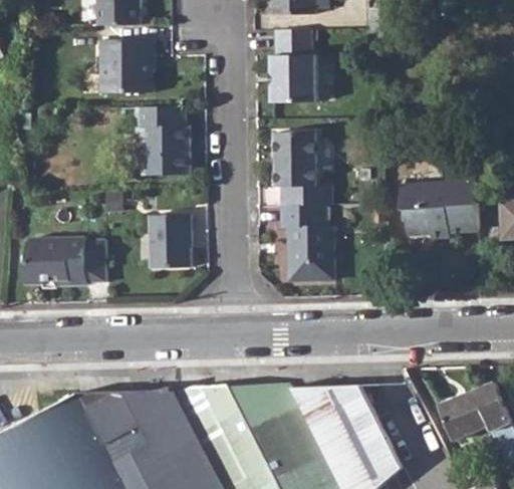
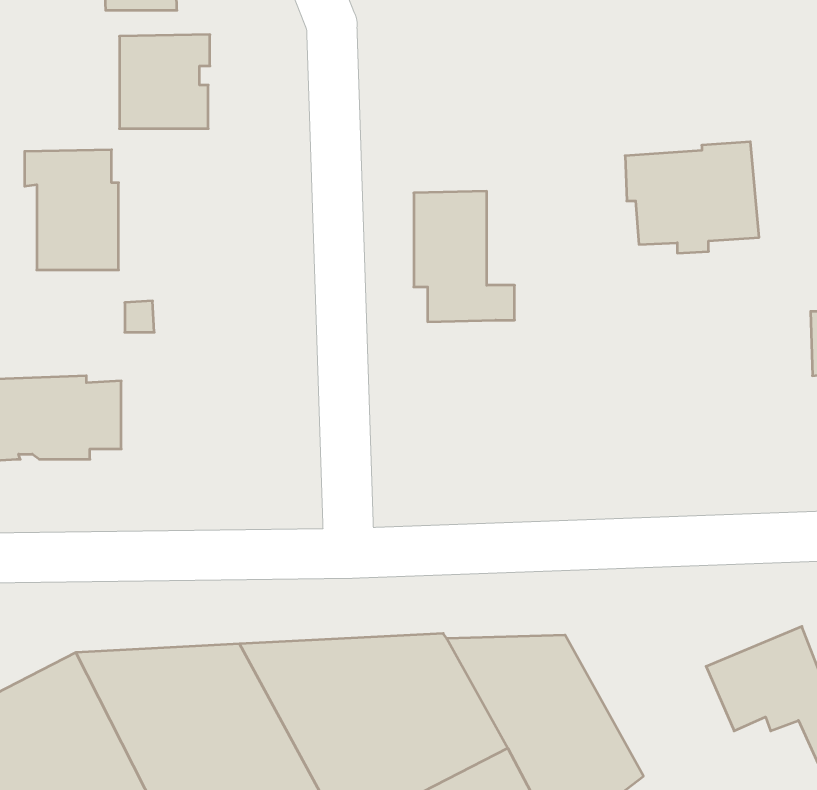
building: [270,27,316,100] -> none
building: [135,106,189,176] -> [25,150,119,270]
building: [402,173,479,237] -> [625,142,759,253]
building: [280,204,331,280] -> none
building: [148,217,191,270] -> none

